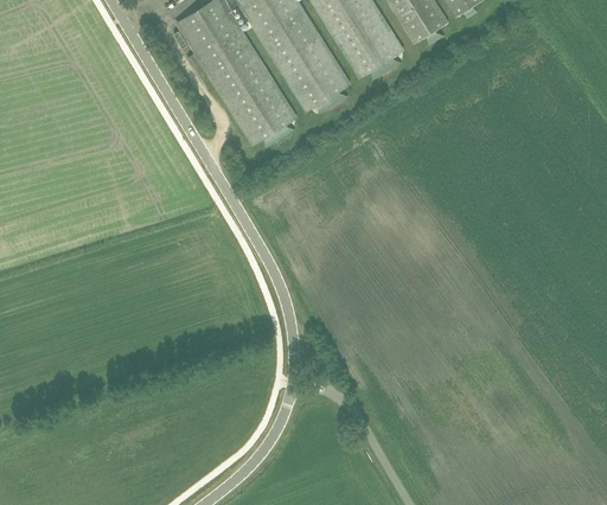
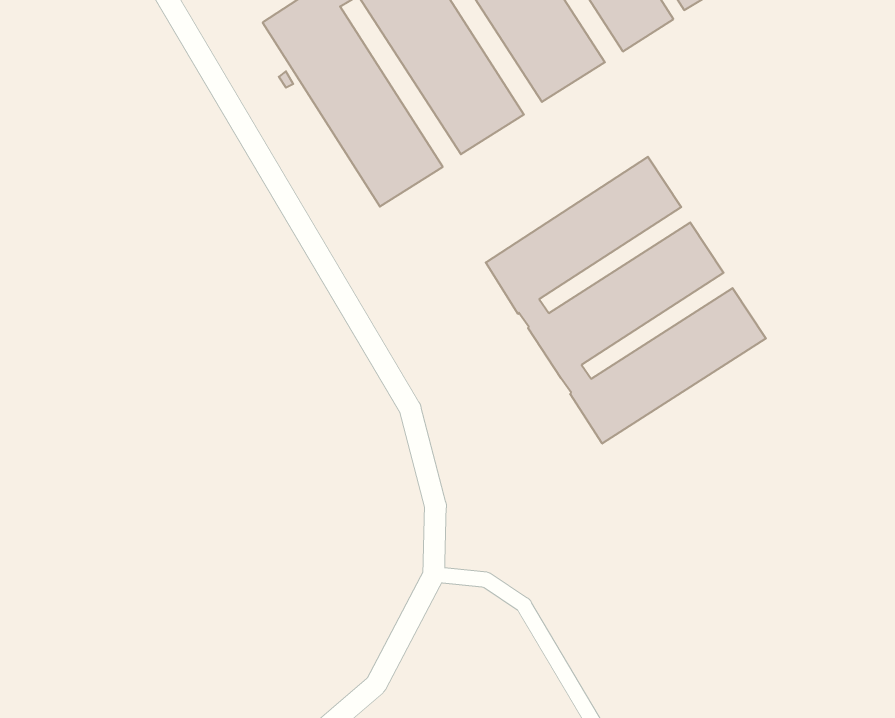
building: none -> [486,157,766,444]

